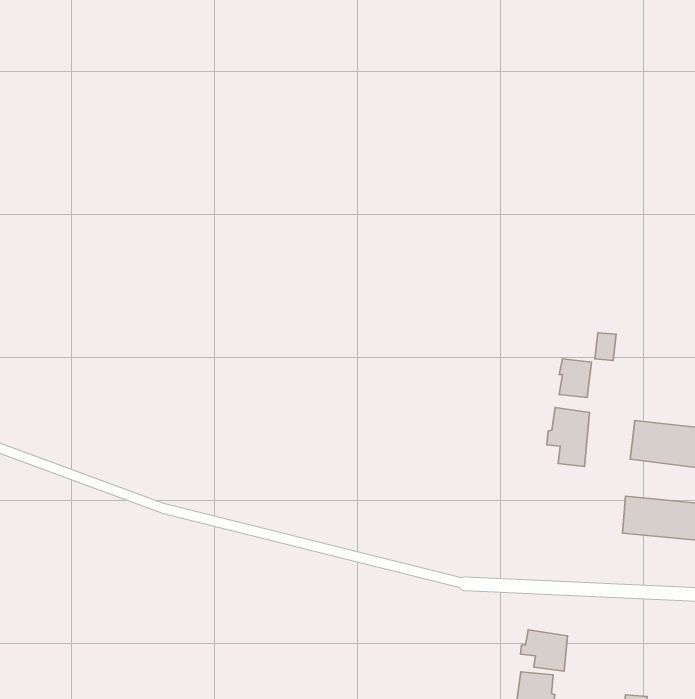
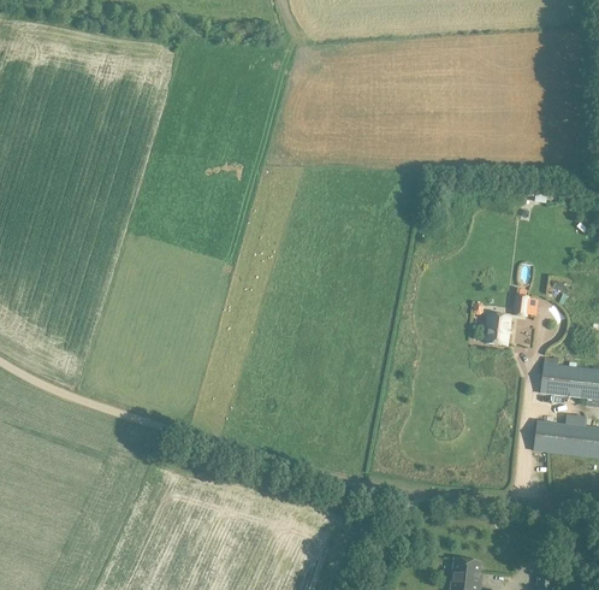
building: [547,407,590,467] -> none
building: [520,630,568,671] -> none

